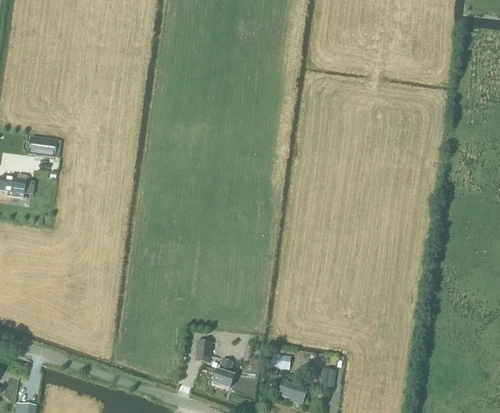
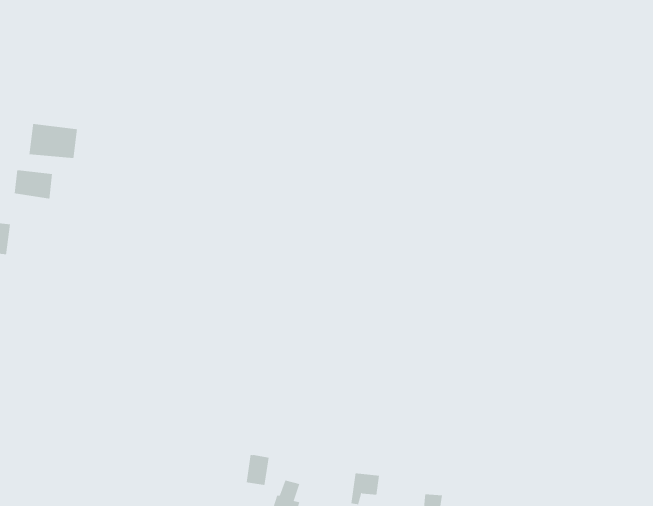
building: none -> [29,123,78,159]

